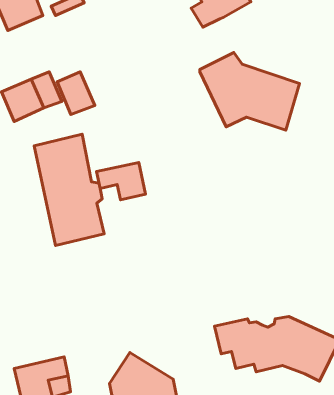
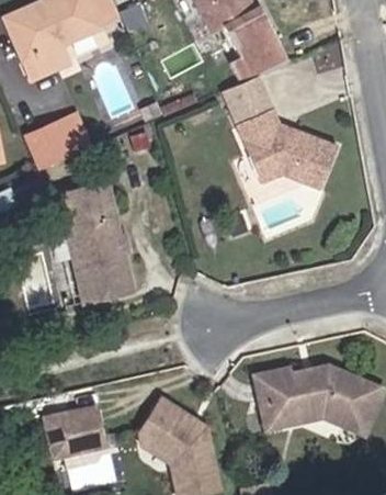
building: none -> [217,60,266,113]
building: [57,72,95,115] -> none
building: [96,162,145,200] -> none

